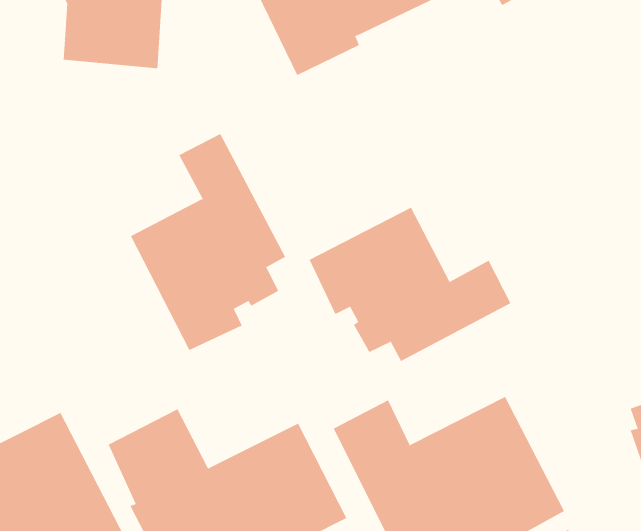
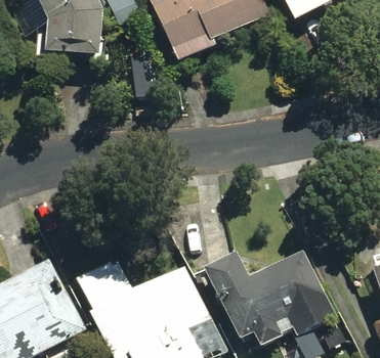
building: [130,133,286,351] -> none
building: [309,207,511,362] -> none

